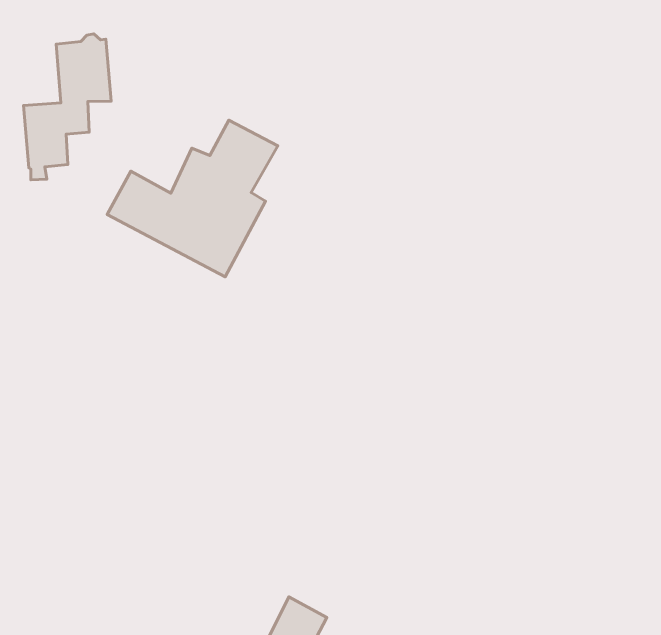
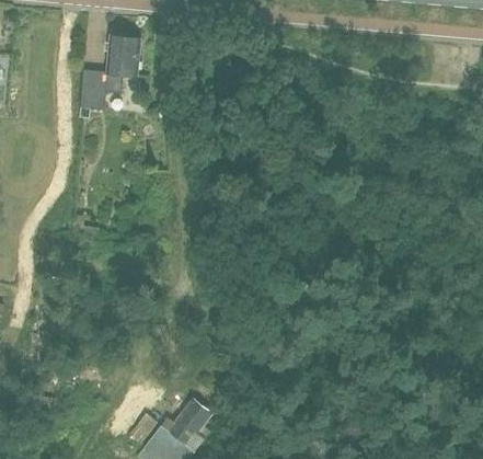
building: [107,120,278,277] -> none

